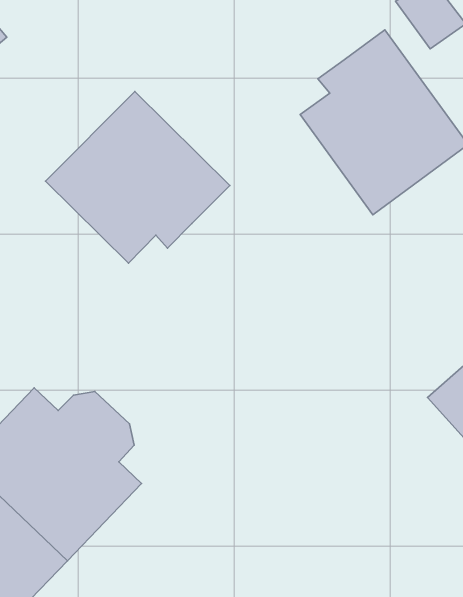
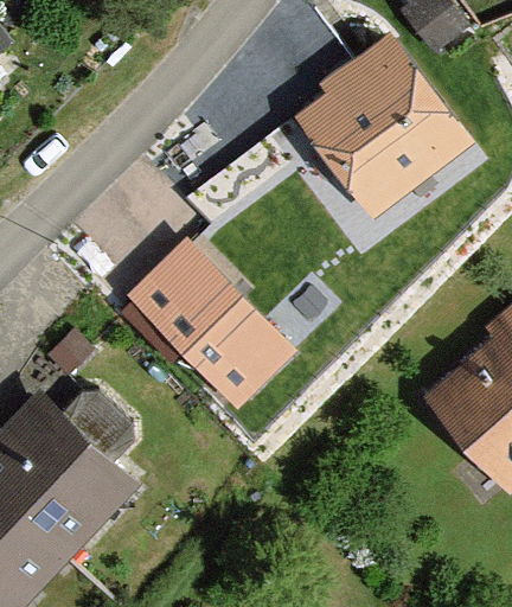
building: [45,92,230,263] -> none
building: none -> [123,237,297,410]

